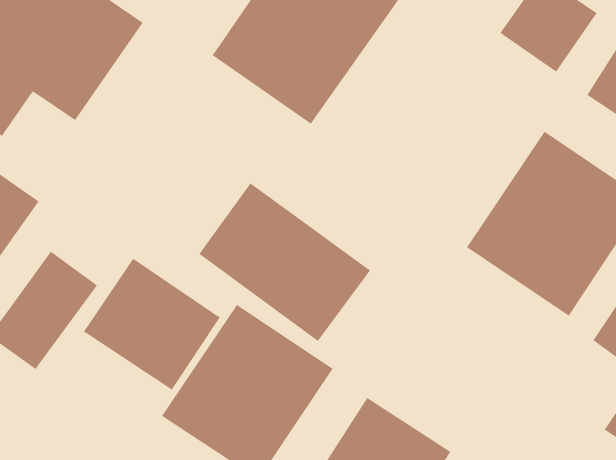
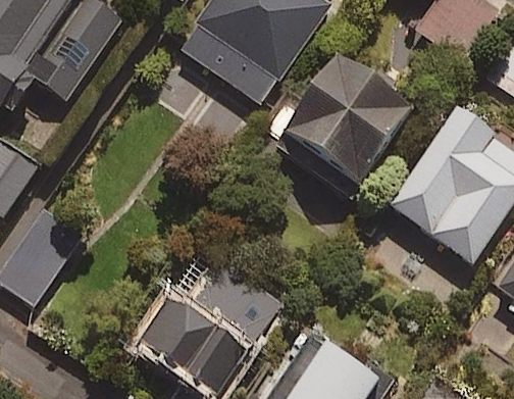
building: none -> [268,49,411,195]
building: [199,183,371,342] -> none
building: [83,258,220,391] -> none

